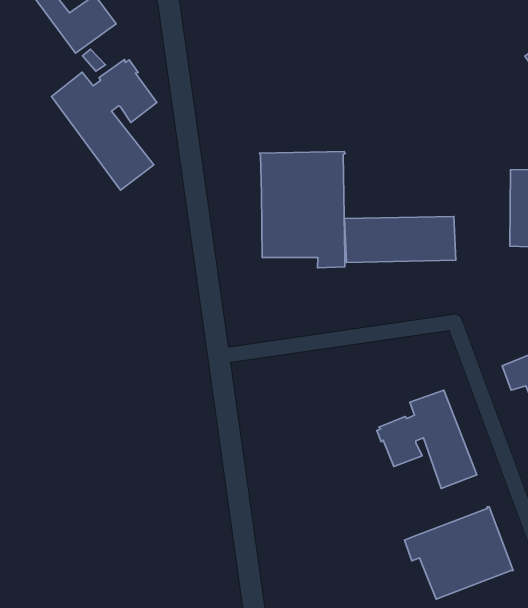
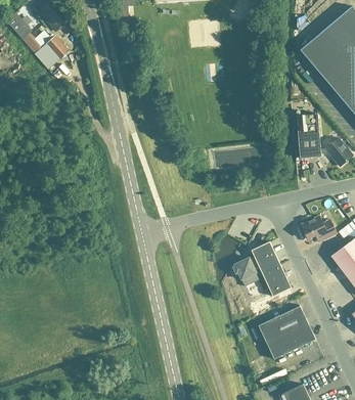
building: [52,59,157,190] -> none
building: [259,151,345,268] -> none

